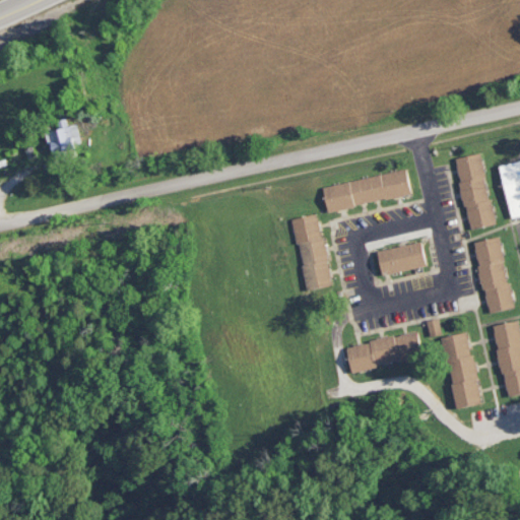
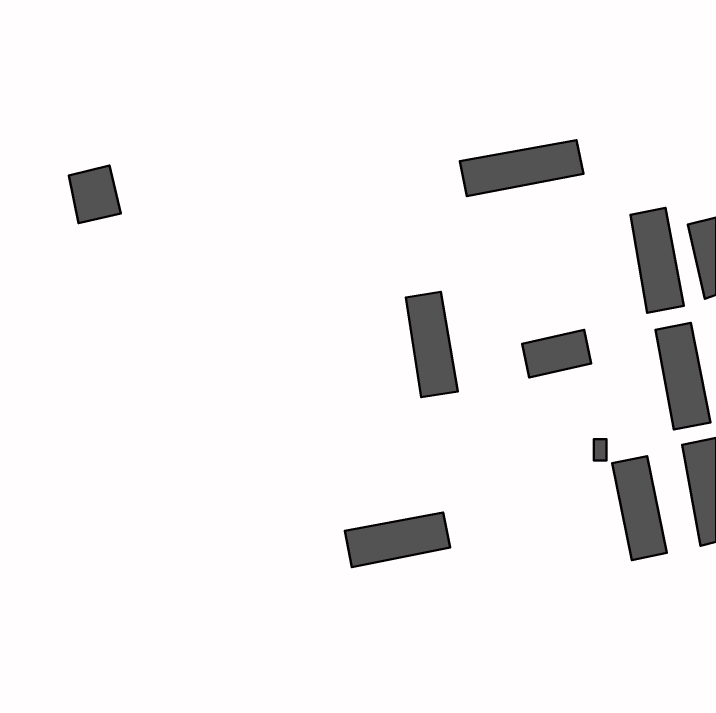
building: [323,171,412,211] -> [460,140,583,196]
building: [347,332,424,372] -> [345,513,450,567]

